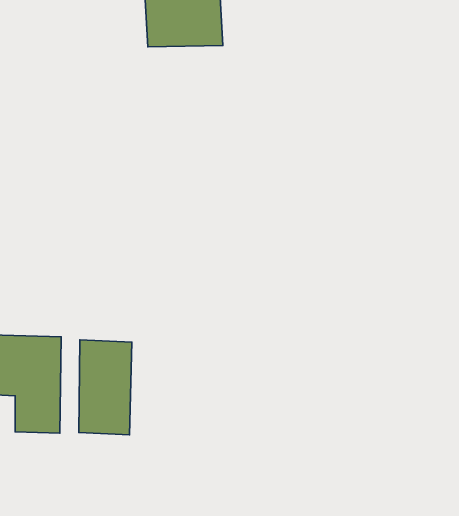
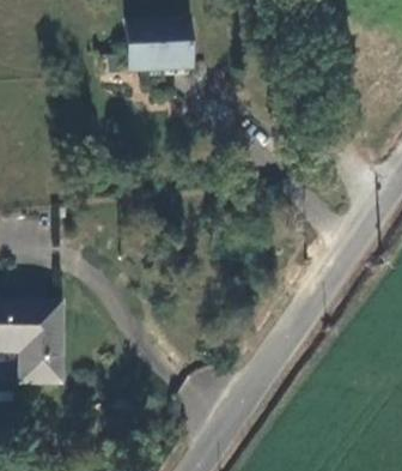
building: [79,340,132,435] -> none

